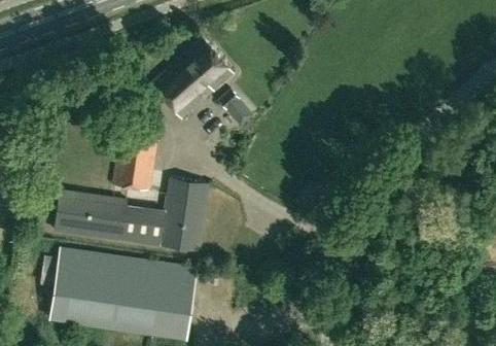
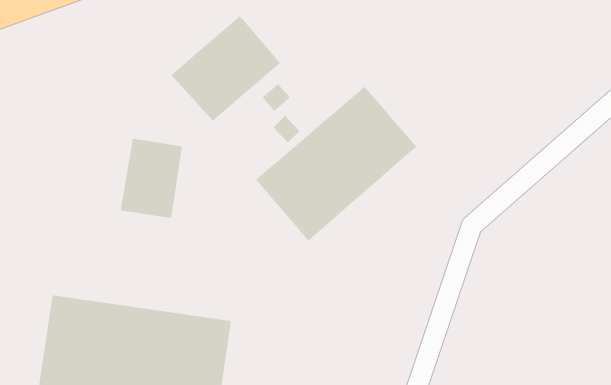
building: none -> [255,86,417,241]
building: [55,179,210,252] -> none

